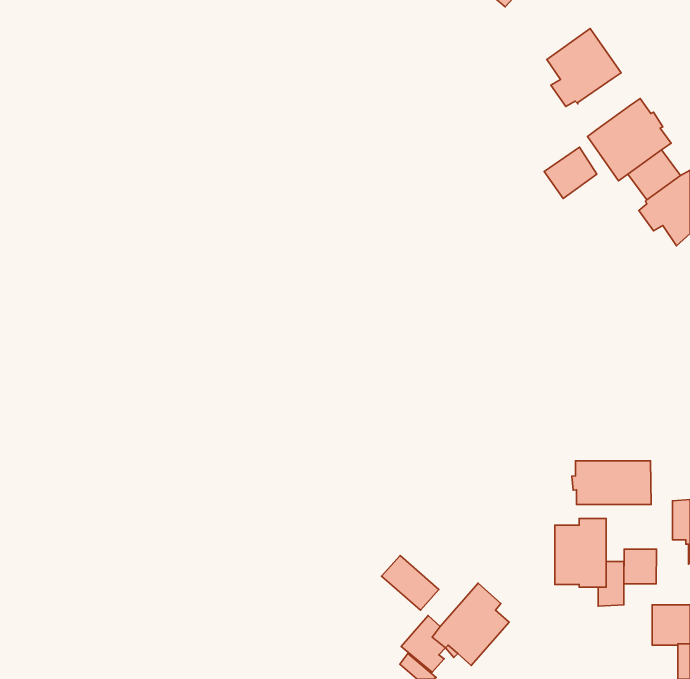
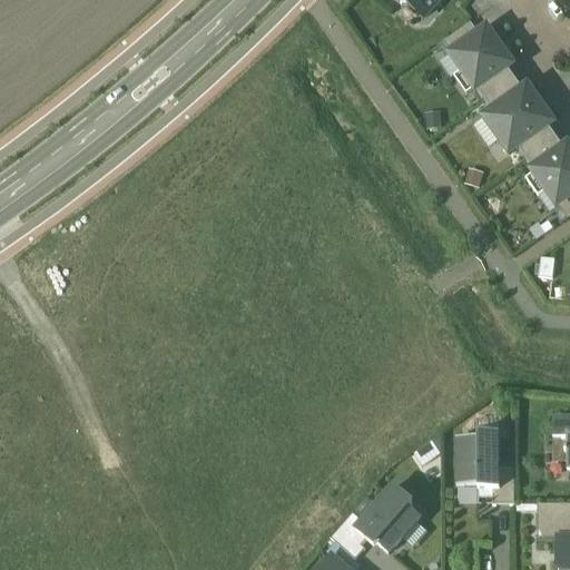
building: [544,147,597,198] -> [476,65,520,107]
building: [572,461,651,505] -> none
building: [624,549,656,584] -> none
building: [382,556,439,610] -> none

